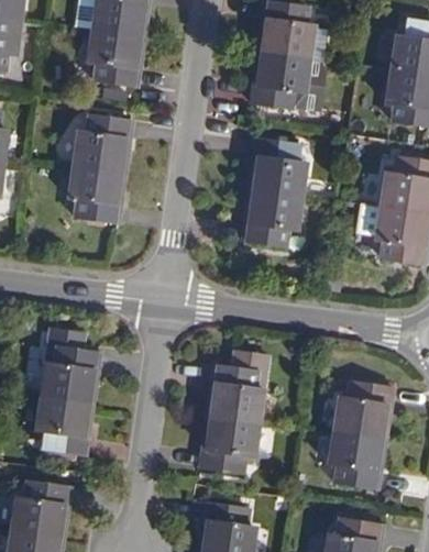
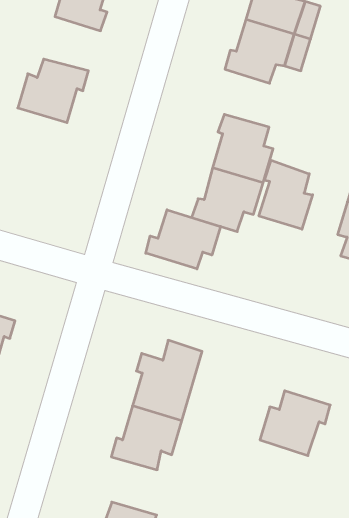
building: [68,167,119,223] -> none
building: none -> [259,160,313,229]
building: none -> [146,210,221,269]
building: [328,432,380,488] -> none

